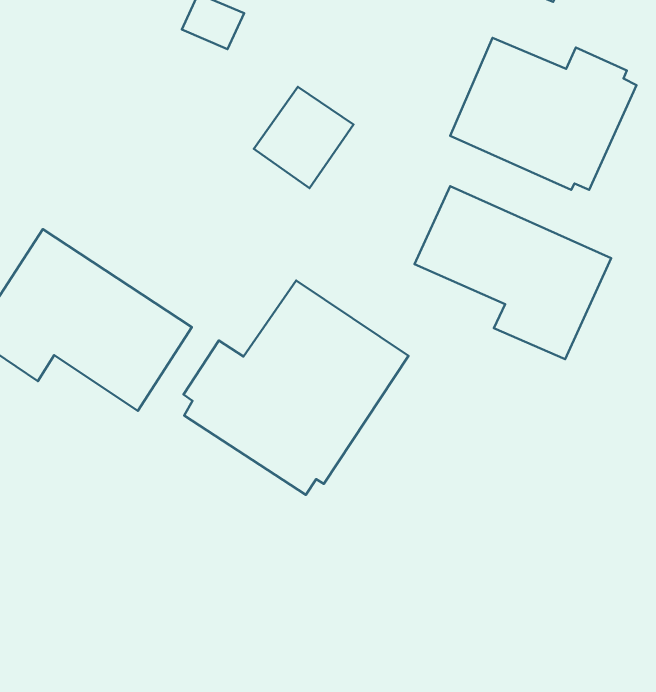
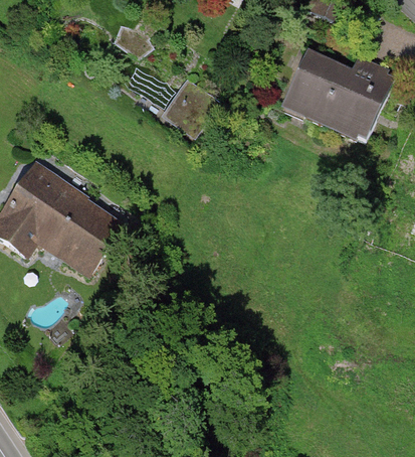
building: [415,186,611,359] -> none
building: [184,280,408,495] -> none

